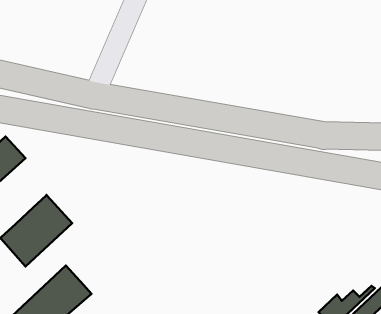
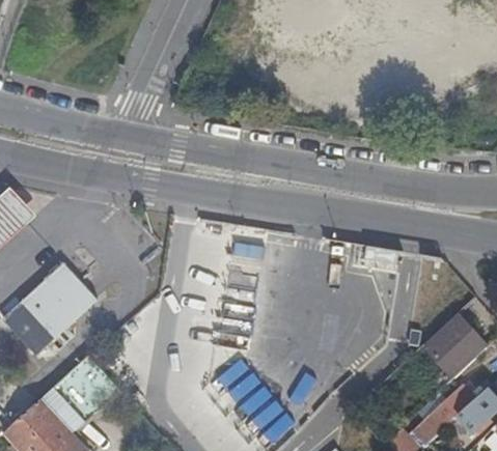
building: none -> [424,315,486,391]

